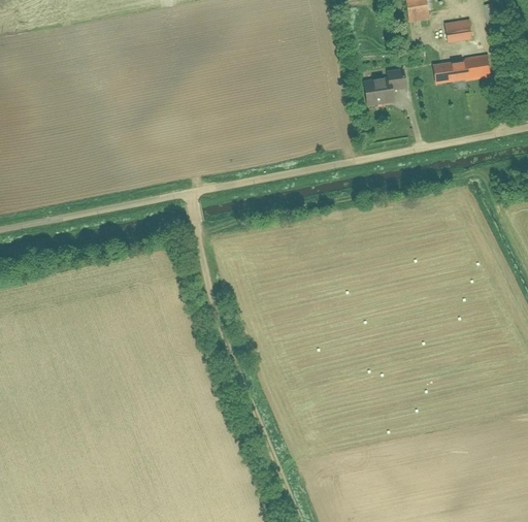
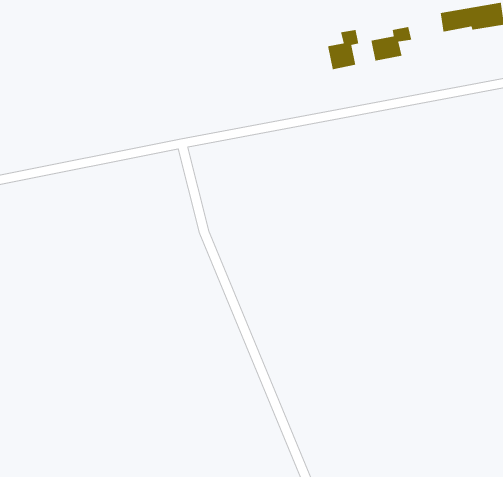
building: none -> [327,29,359,70]

